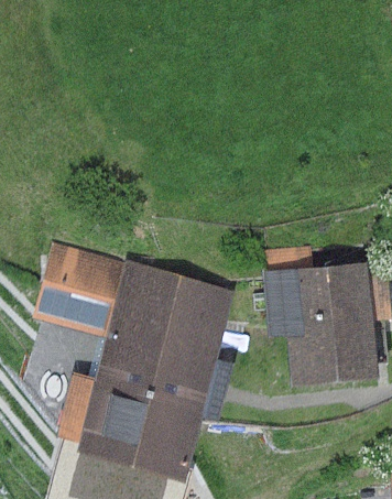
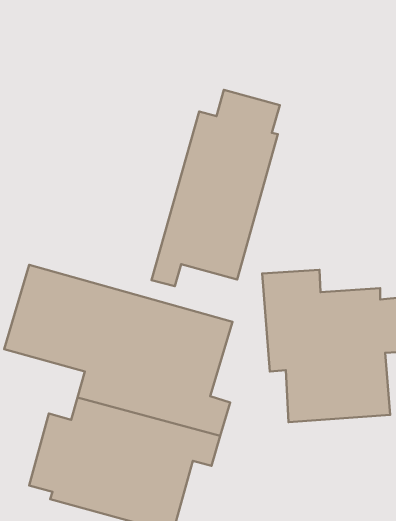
building: none -> [151,90,280,286]

